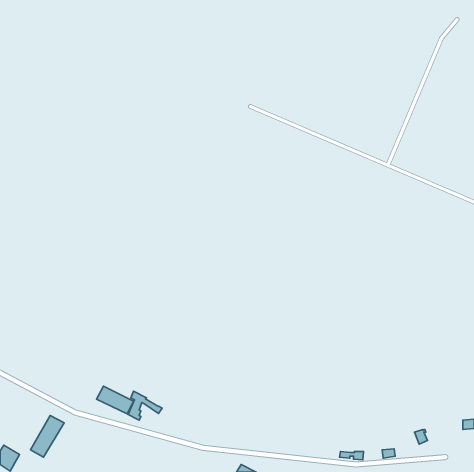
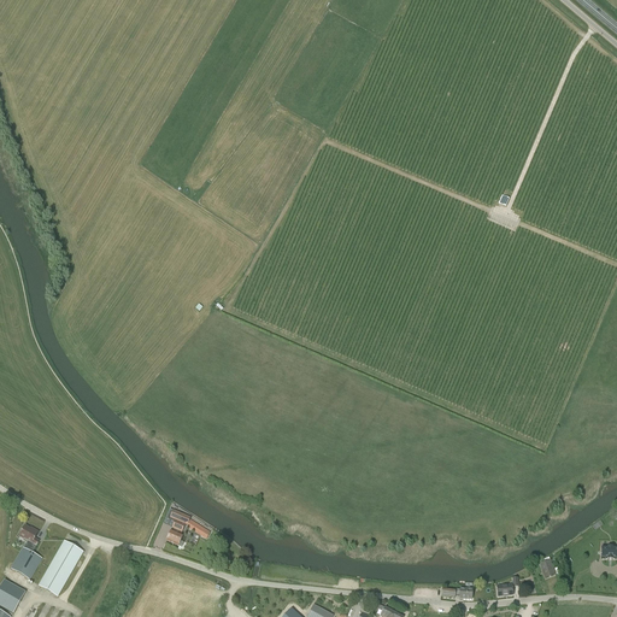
building: [97,386,134,414] -> none
building: none -> [11,524,42,577]

